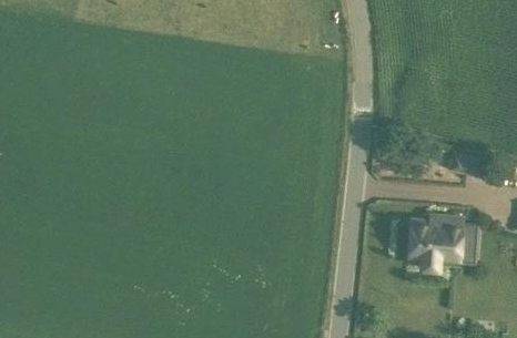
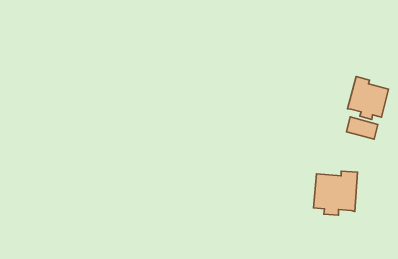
building: none -> [348,76,389,120]

